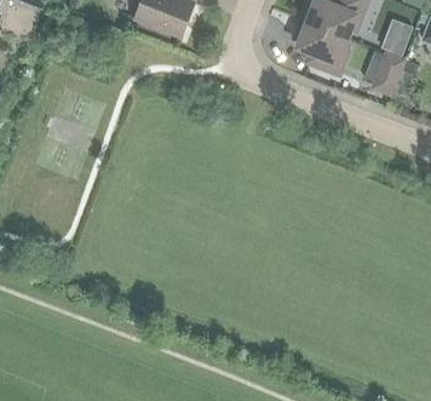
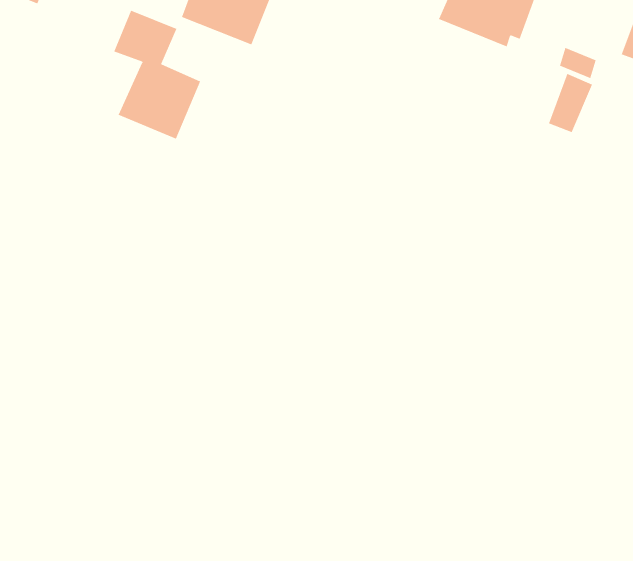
building: none -> [114,10,201,140]
building: [294,18,347,73] -> none

